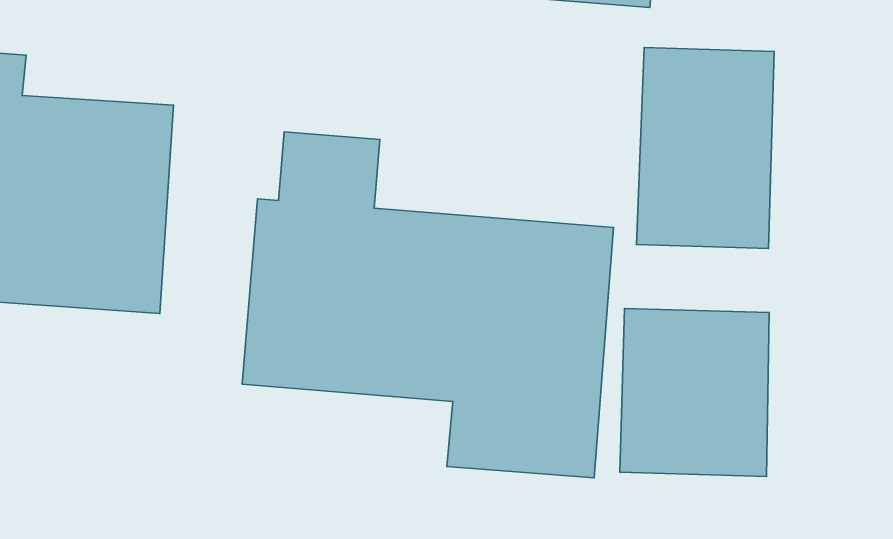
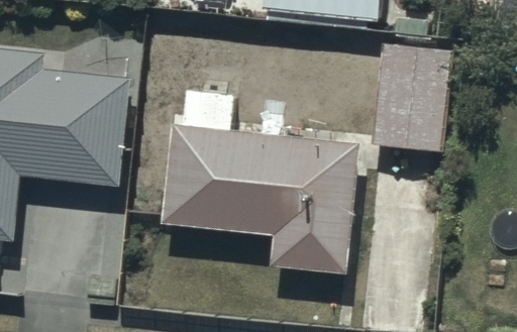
building: [620,308,769,476] -> none

